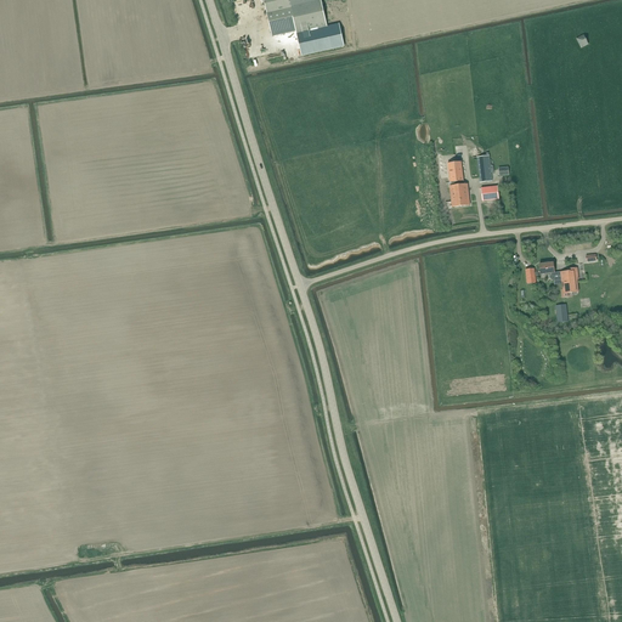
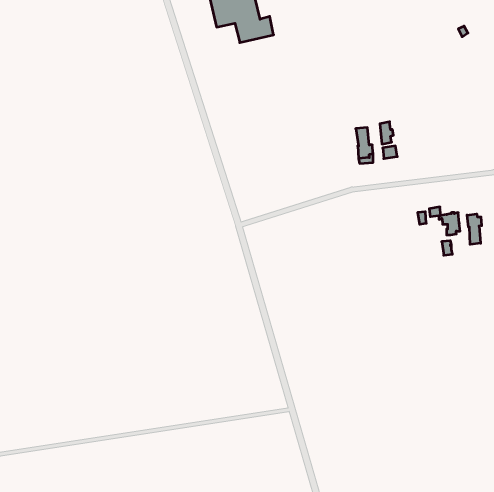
building: none -> [467,214,482,244]

